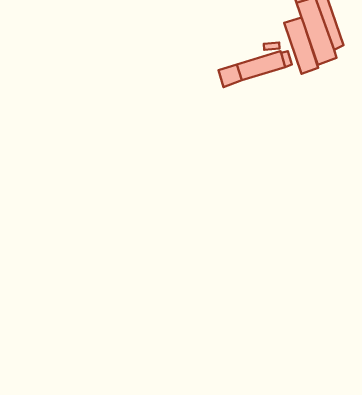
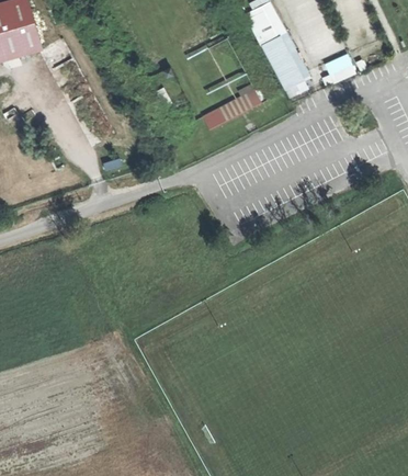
building: [284,17,318,74] -> none

